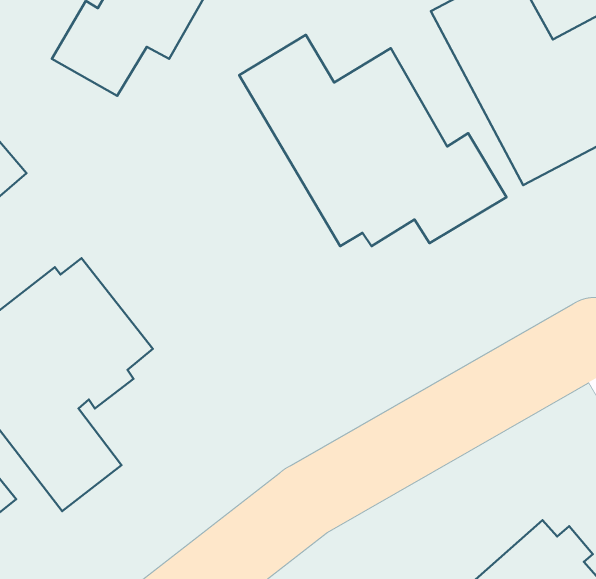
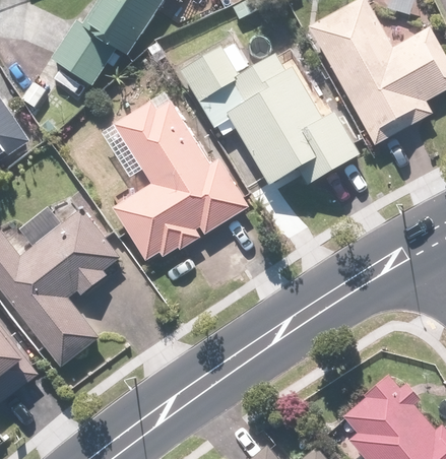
building: none -> [113,101,250,262]

